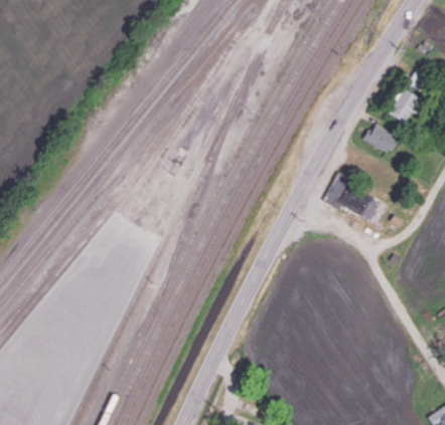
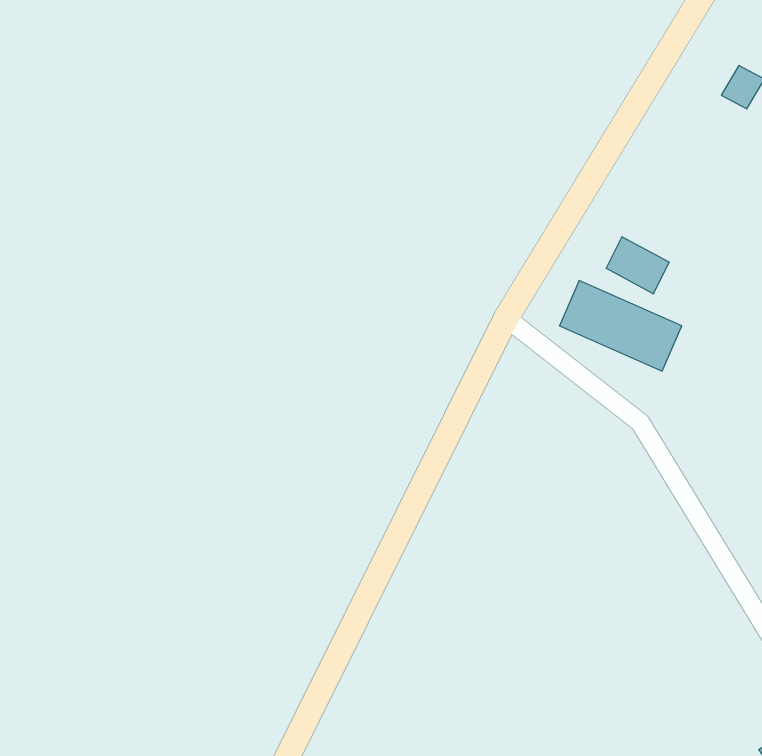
building: [389,89,420,124] -> none
building: [364,125,397,154] -> [606,237,669,294]

